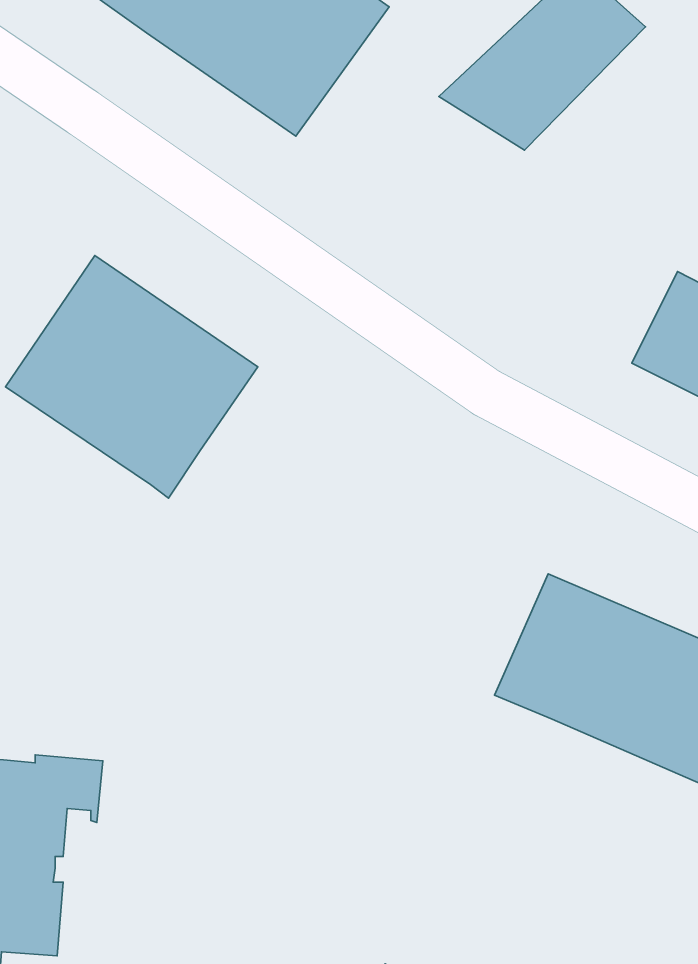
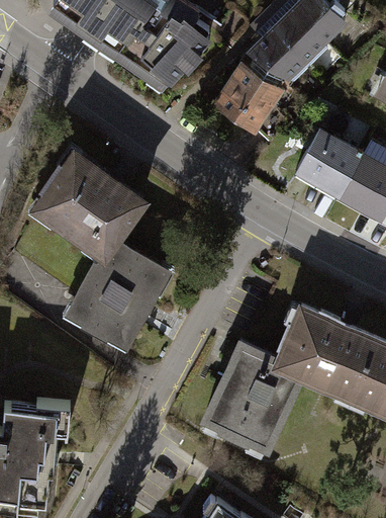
building: none -> [215,63,286,134]
building: none -> [297,131,364,198]
building: none -> [63,243,172,353]
building: none -> [199,341,300,456]

